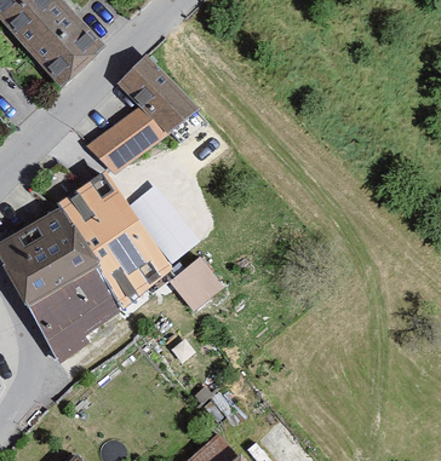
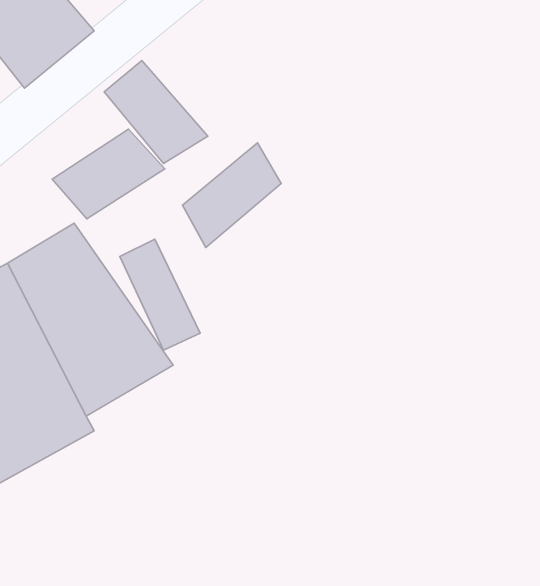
building: none -> [183,143,281,247]
building: [167,255,220,309] -> none

